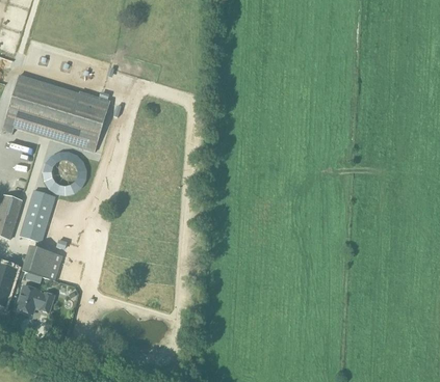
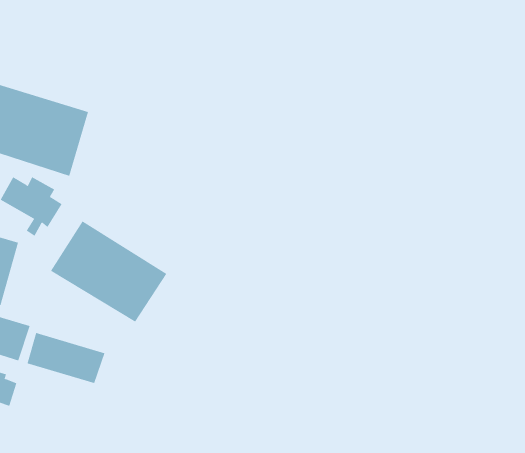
building: none -> [50,221,167,322]
building: none -> [27,332,105,384]

